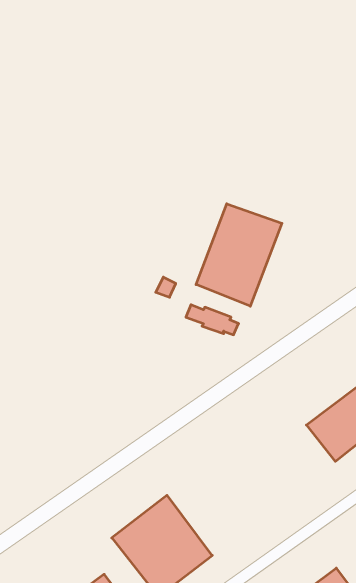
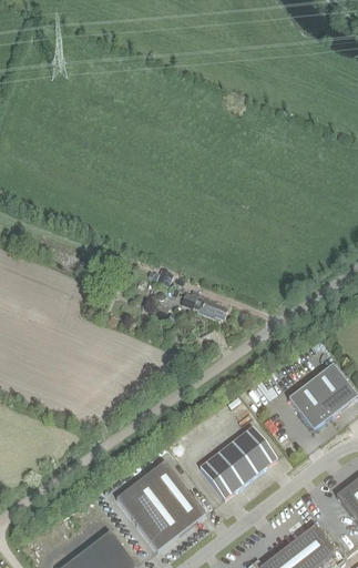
building: [196,204,282,306] -> none
building: none -> [200,427,277,499]

